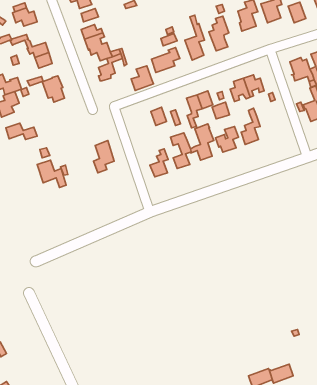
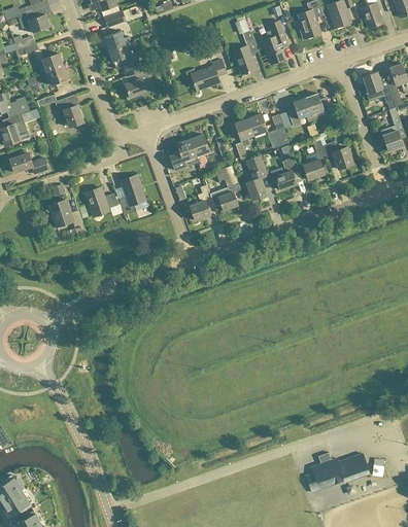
building: [131,66,153,91] -> [170,139,198,170]
building: none -> [321,141,353,169]
building: none -> [84,187,117,216]

